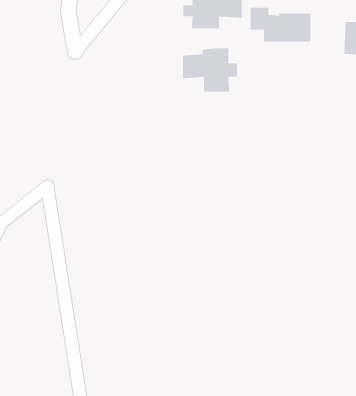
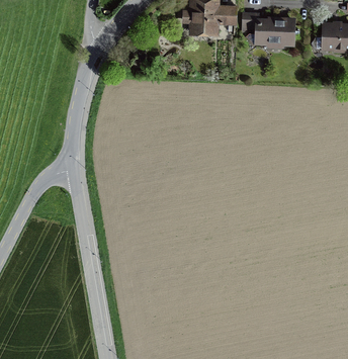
building: [182,48,238,93] -> none

